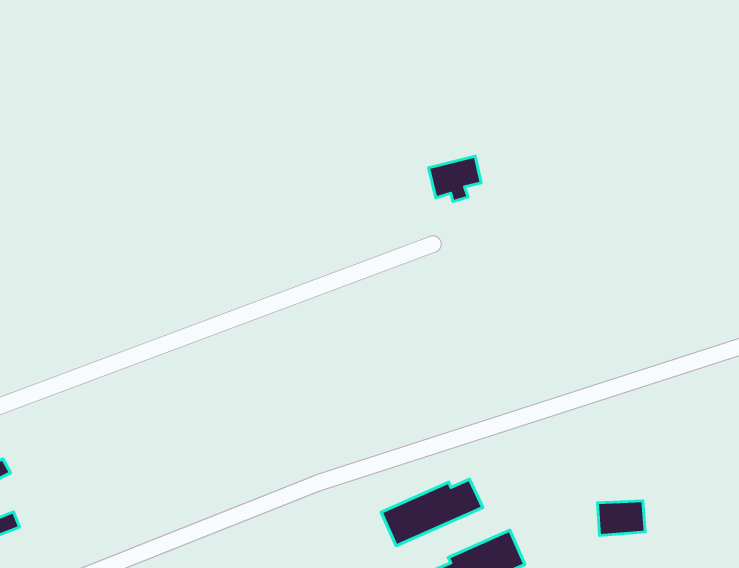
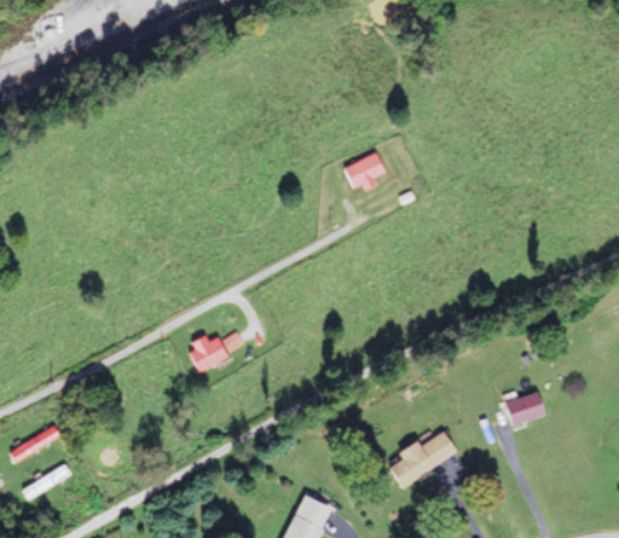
building: none -> [189,336,230,372]
building: [381,479,483,546] -> none

